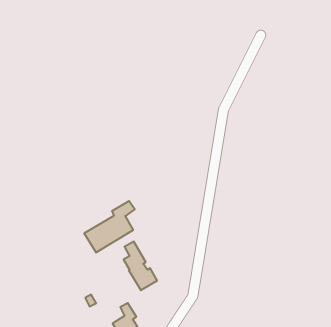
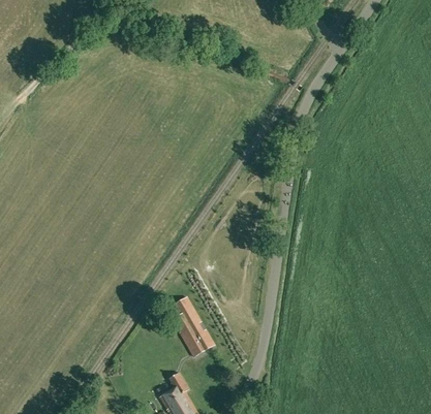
building: [84,201,135,253] -> none

